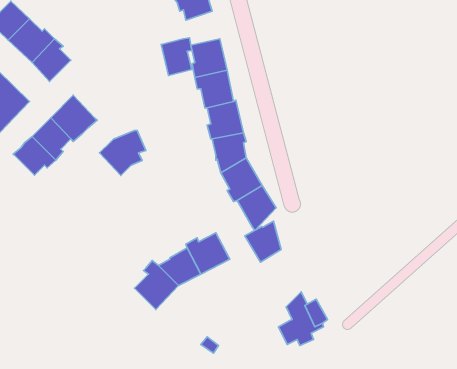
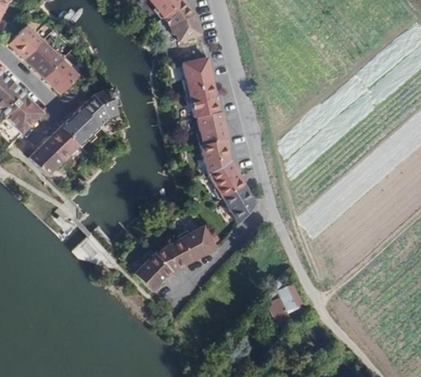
building: [161,38,192,76] -> none
building: [100,130,146,176] -> [81,87,122,126]
building: [245,221,281,262] -> none

